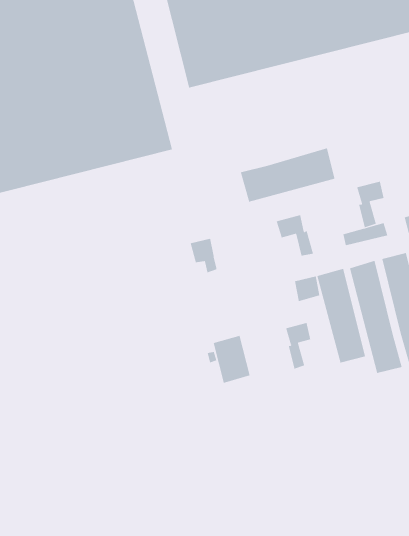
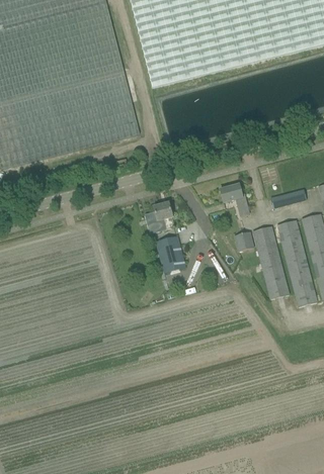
building: [240,148,335,203] -> none
building: [357,181,384,228] -> none
building: [286,322,311,369] -> none
building: [213,335,251,383] -> [155,233,184,271]

